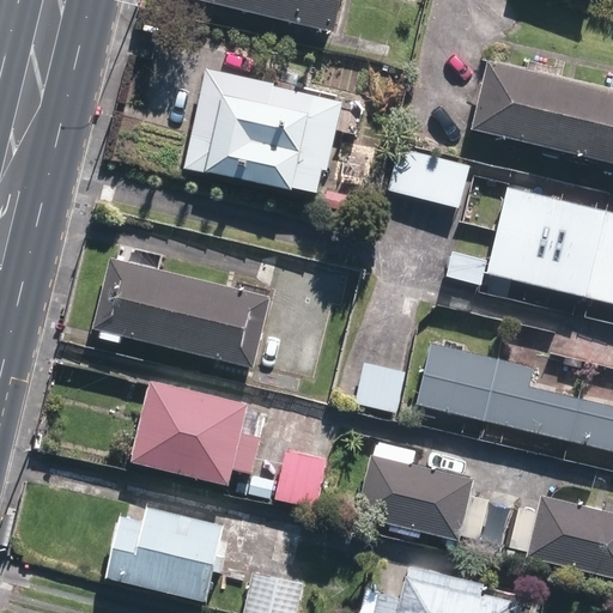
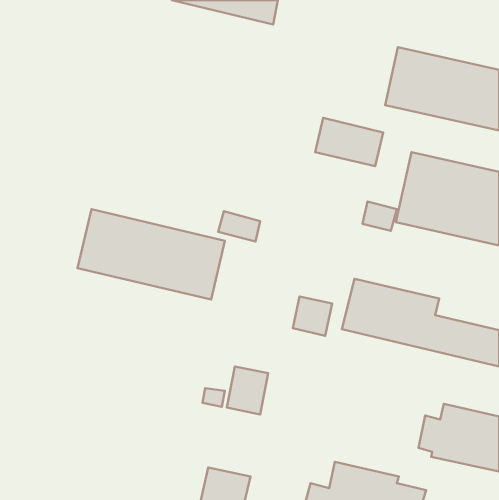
building: [181,67,341,192] -> none
building: [133,378,263,485] -> none
building: [358,454,491,541] -> none
building: [108,509,229,601] -> none

